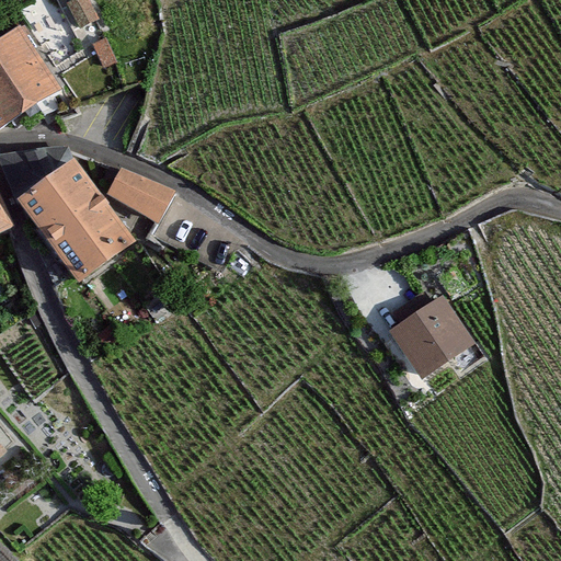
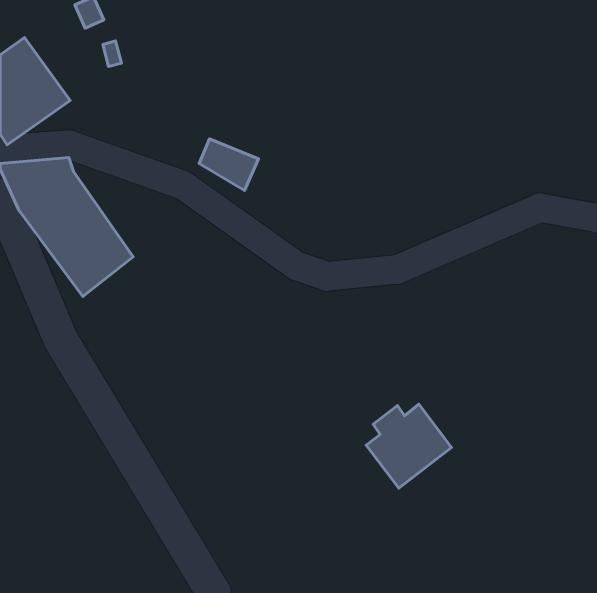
building: [112,169,168,217] -> [199,139,259,190]
building: [392,295,472,374] -> [366,404,451,488]

